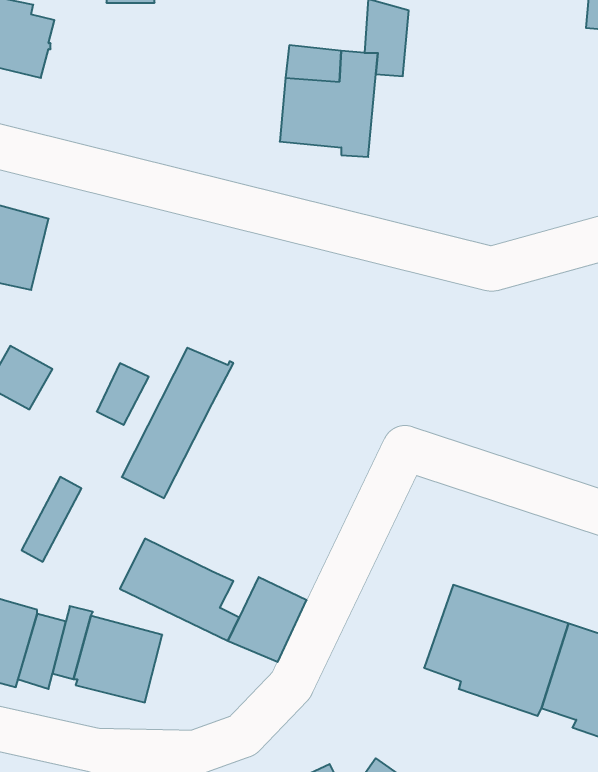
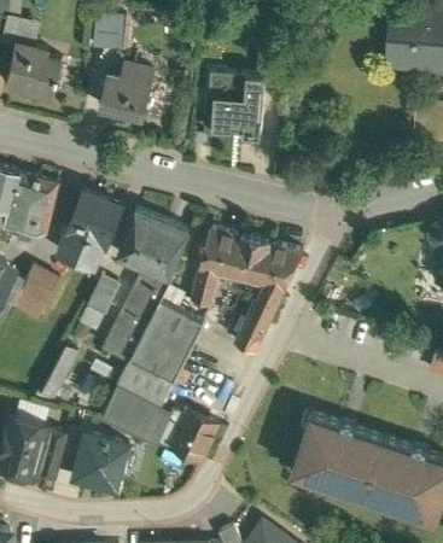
building: none -> [100,64,155,118]
building: none -> [60,191,123,265]
building: none -> [120,210,188,276]
building: none -> [193,228,303,350]
building: none -> [132,300,204,379]
building: none -> [118,362,171,405]

